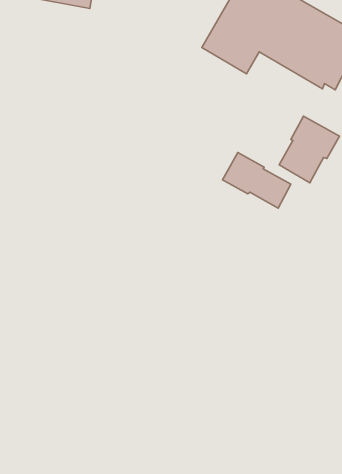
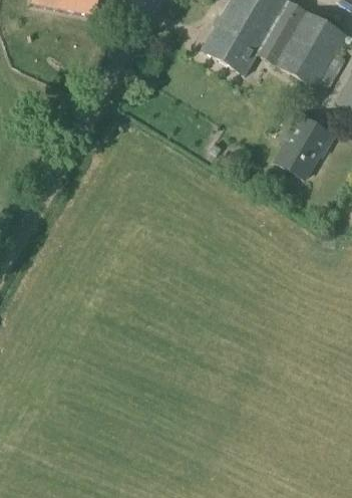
building: [222,152,291,208] -> none

